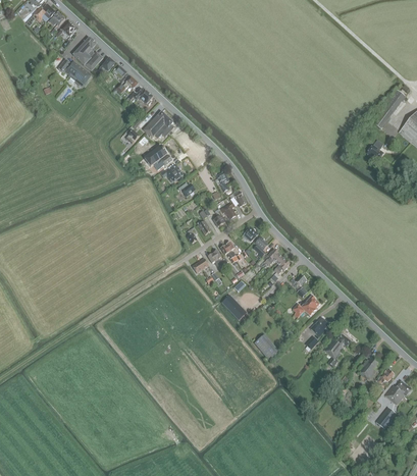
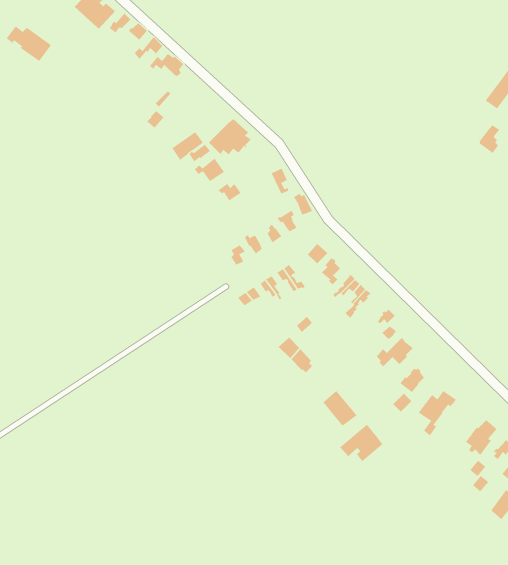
building: [58,59,92,86] -> [6,26,52,62]
building: [143,111,174,138] -> [208,119,252,155]
building: none -> [339,424,383,462]

